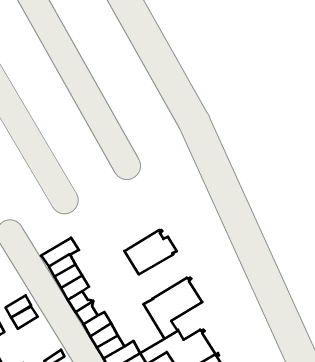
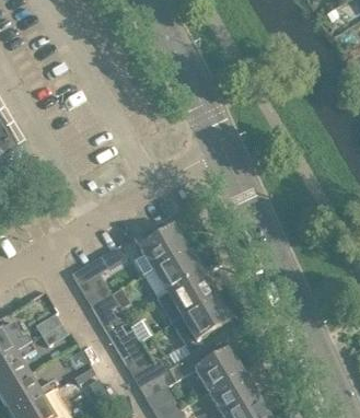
building: none -> [135,224,188,275]
building: none -> [169,271,220,316]

